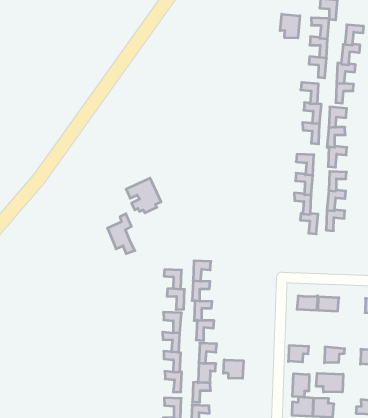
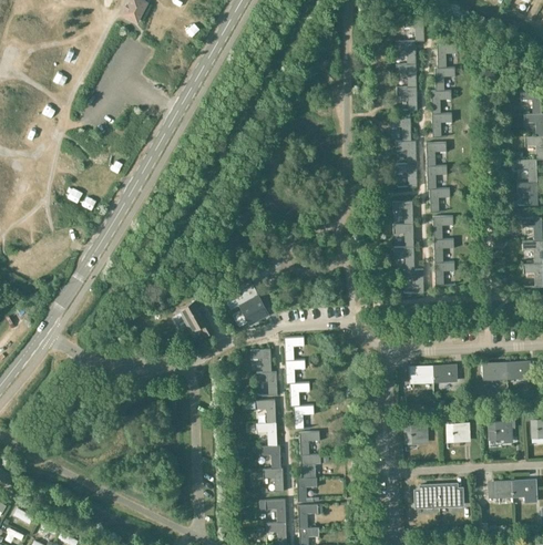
building: [280,14,300,38] -> none
building: [126,178,161,213] -> [225,285,267,326]
building: [223,360,243,378] -> none
building: [316,373,343,392] -> none
building: [292,374,309,397] -> none

